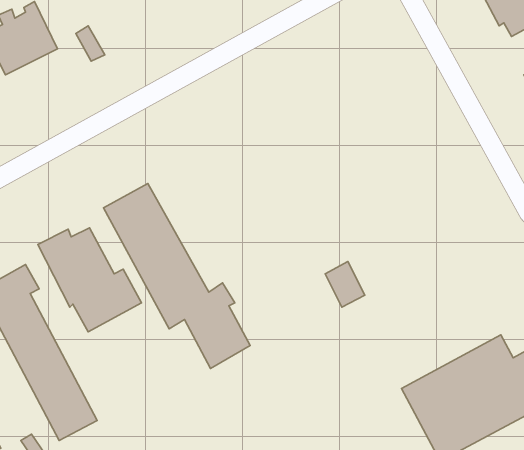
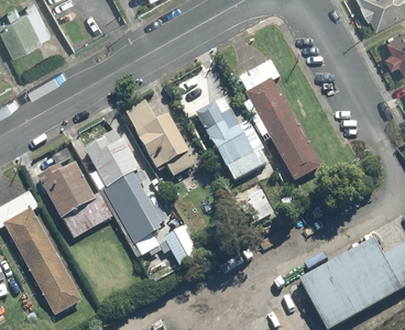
building: none -> [237,62,319,186]
building: none -> [194,99,266,185]
building: none -> [123,103,191,180]

